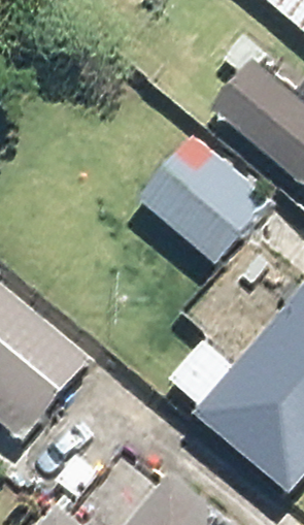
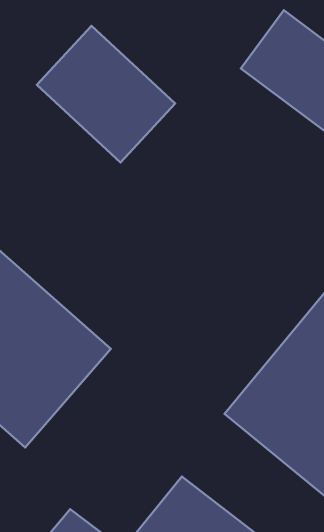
building: none -> [37,26,175,162]
building: [148,135,278,265] -> none

